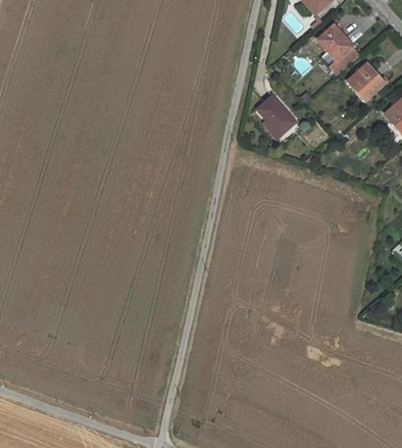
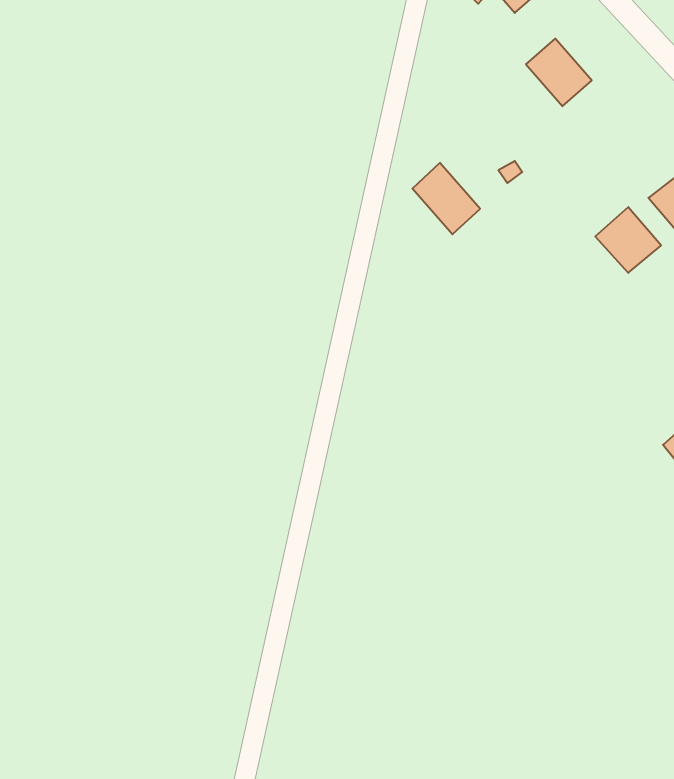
building: [347,64,384,101] -> [595,207,661,273]

